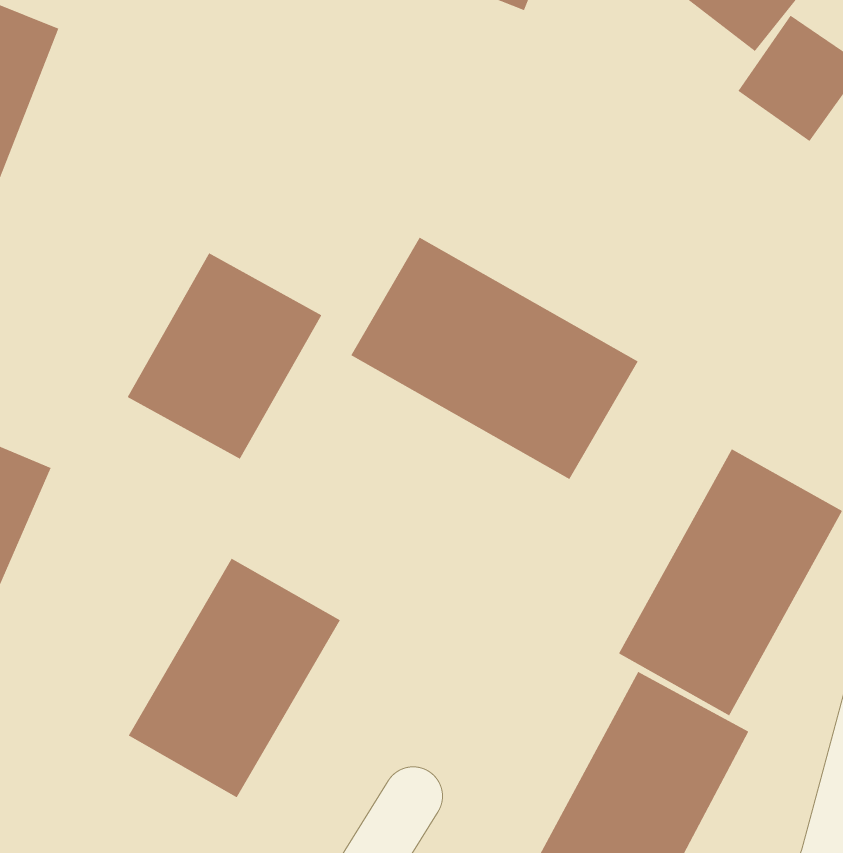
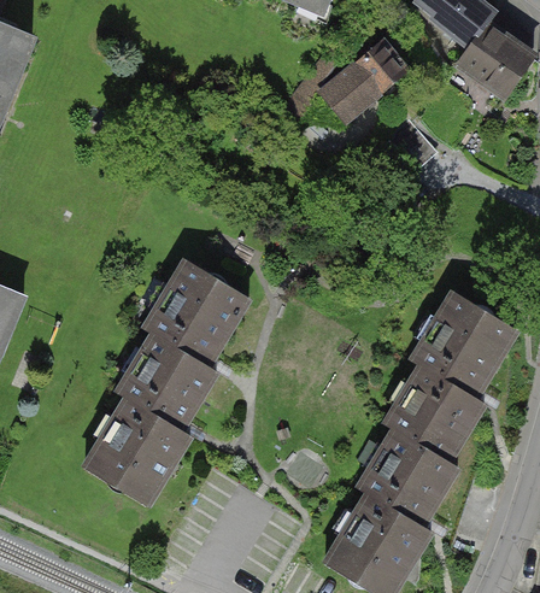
building: none -> [318,47,401,128]
building: [351,237,638,480] -> none
building: [127,253,322,460] -> [129,257,250,384]

